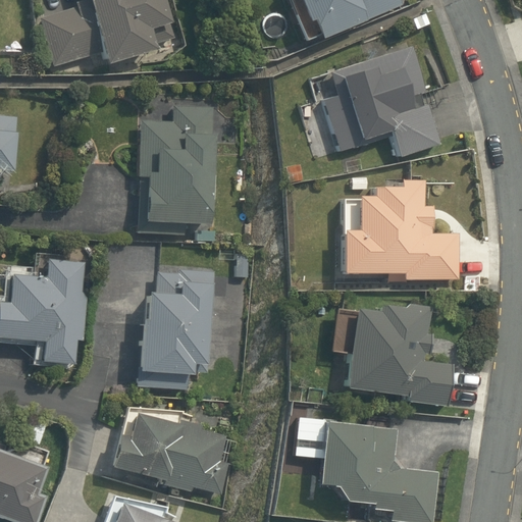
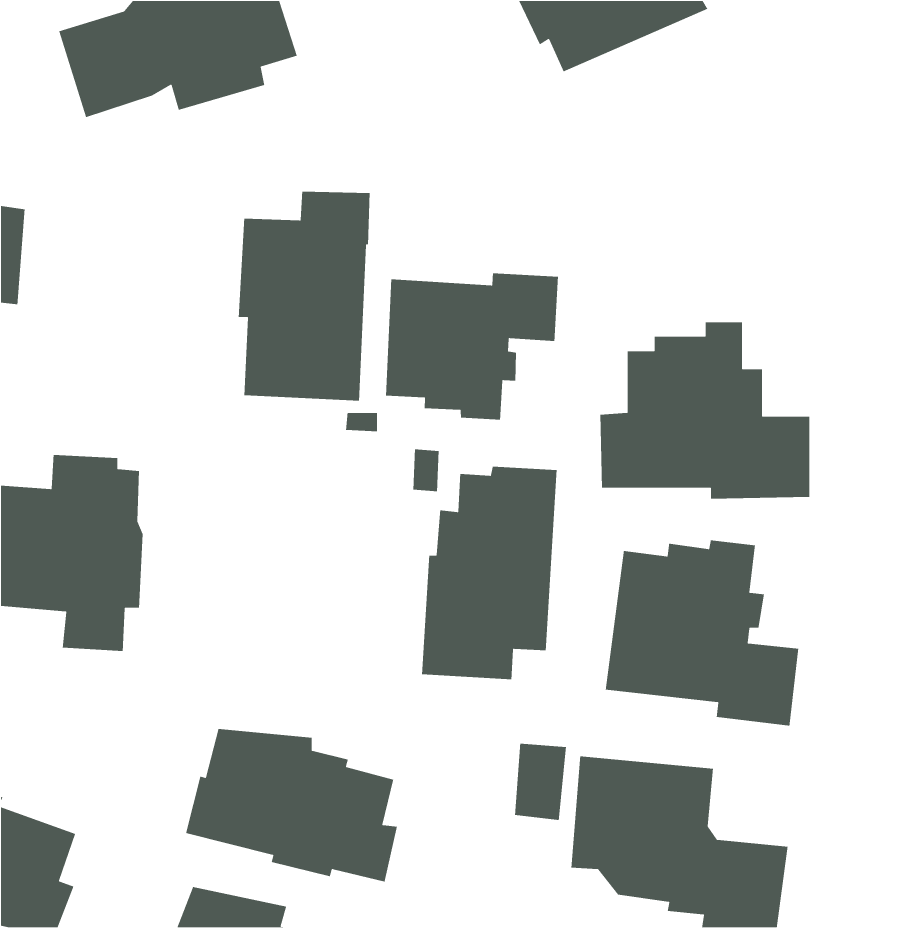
building: [322,45,439,158] -> none
building: none -> [385,273,559,420]
building: [137,269,213,389] -> [421,466,557,680]

